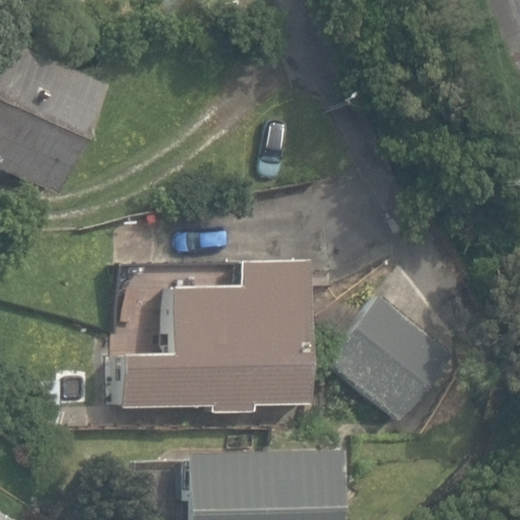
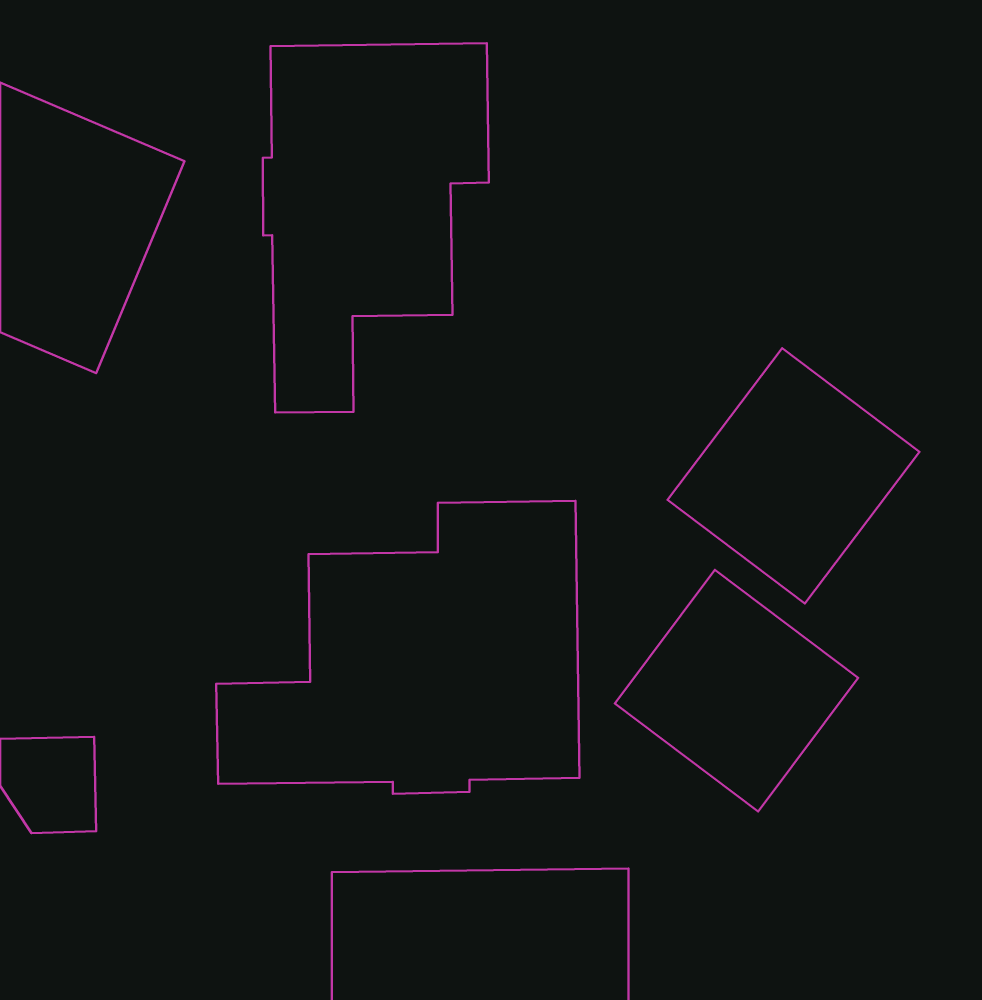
building: none -> [263,43,489,412]
building: none -> [668,348,919,603]

